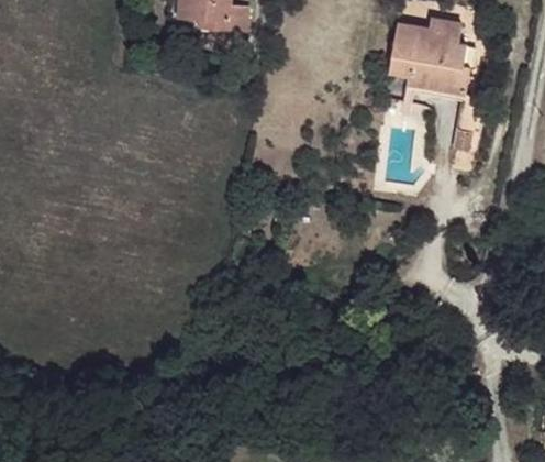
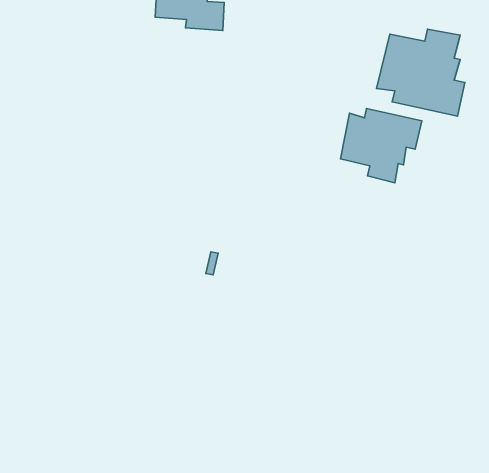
building: none -> [340,109,422,183]

